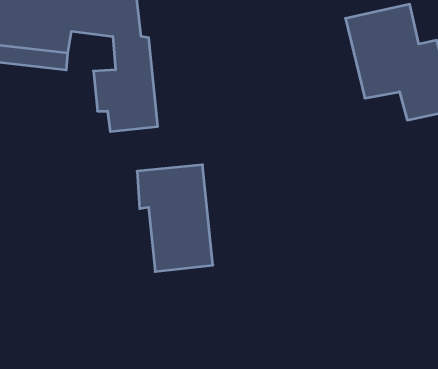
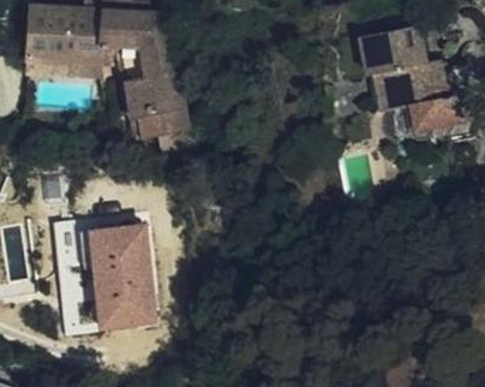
building: [137,165,213,272] -> [67,224,138,323]

